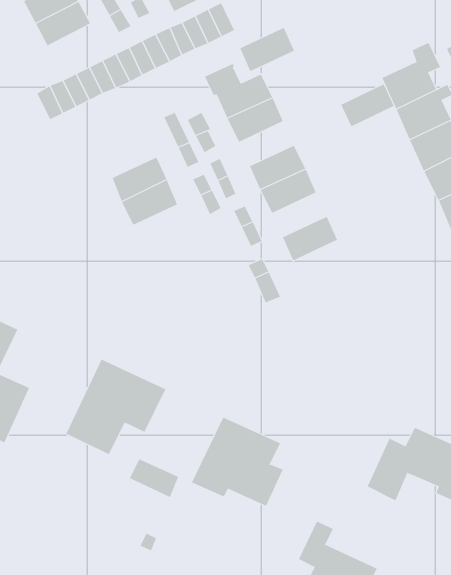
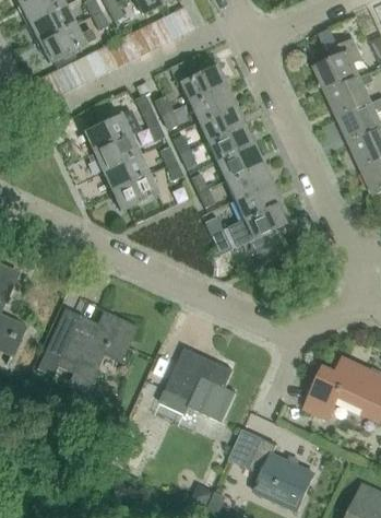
building: none -> [39,23,95,61]
building: [239,27,295,72] -> [198,104,243,141]
building: [340,84,394,127] -> none
building: none -> [83,108,140,151]
building: none -> [225,163,271,200]
building: none -> [110,173,157,210]
building: none -> [226,202,289,257]
building: [129,458,179,498] -> none
building: none -> [228,426,262,467]

